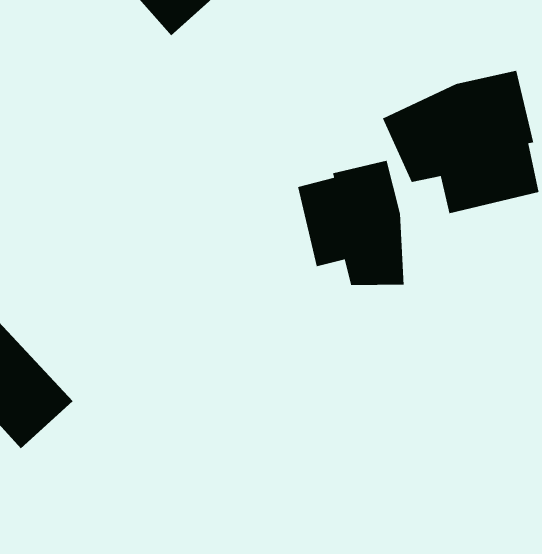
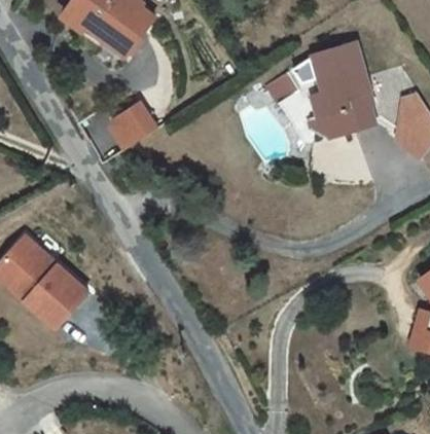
building: none -> [106,106,148,149]
building: [297,160,405,286] -> none

